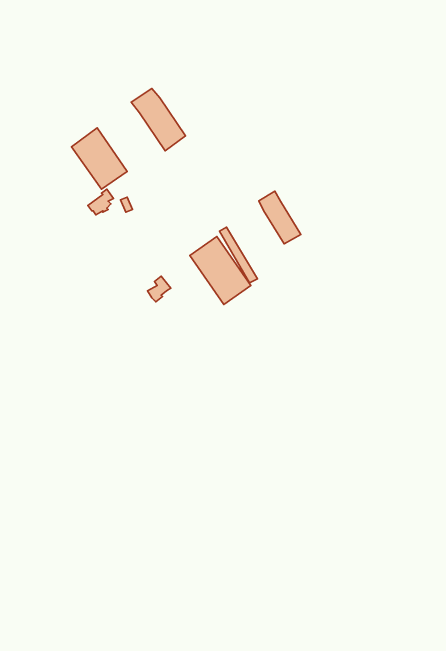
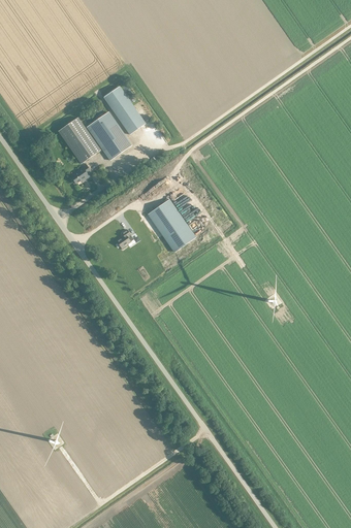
building: none -> [87,112,131,160]
building: [259,191,301,244] -> none

